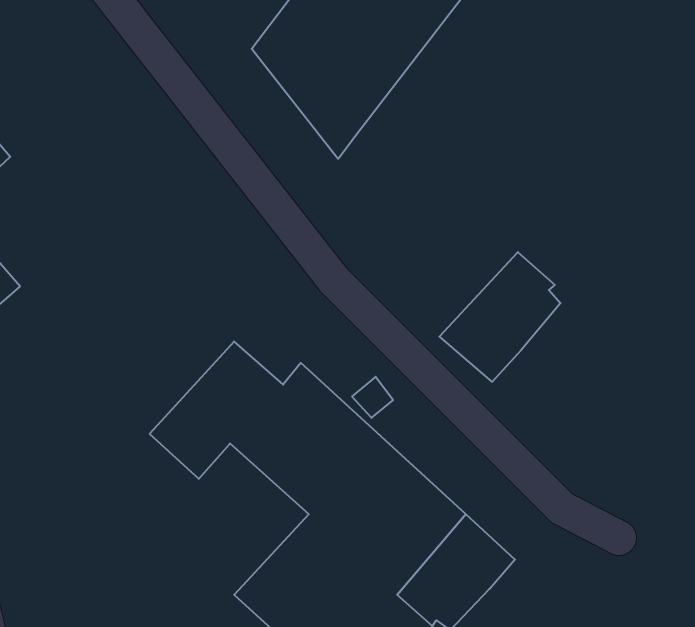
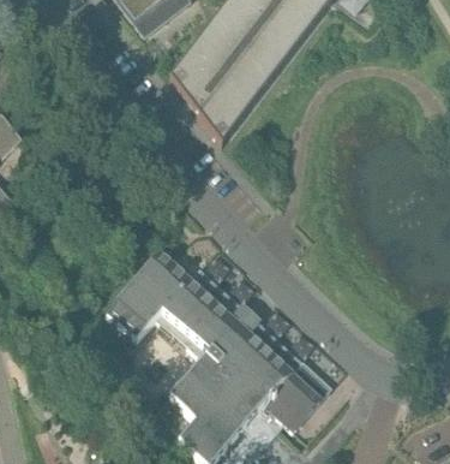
building: [439,252,561,382] -> none

